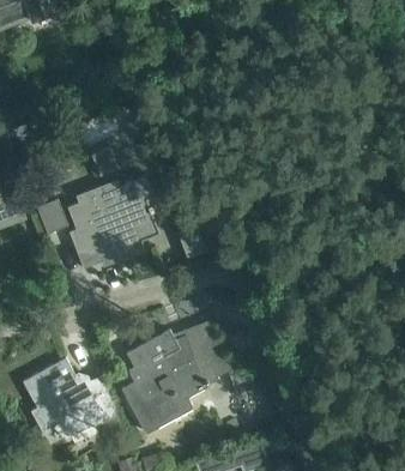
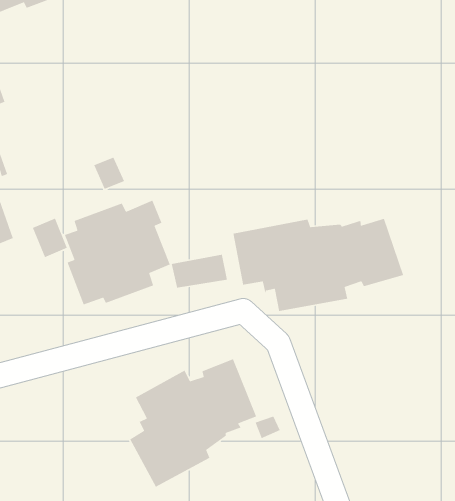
building: none -> [232,217,404,312]
building: [20,357,116,434] -> none

